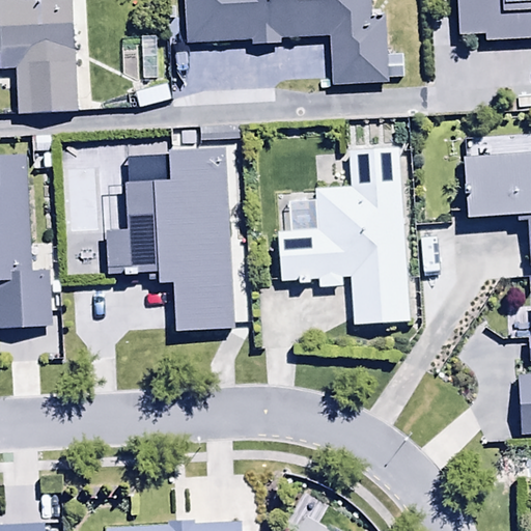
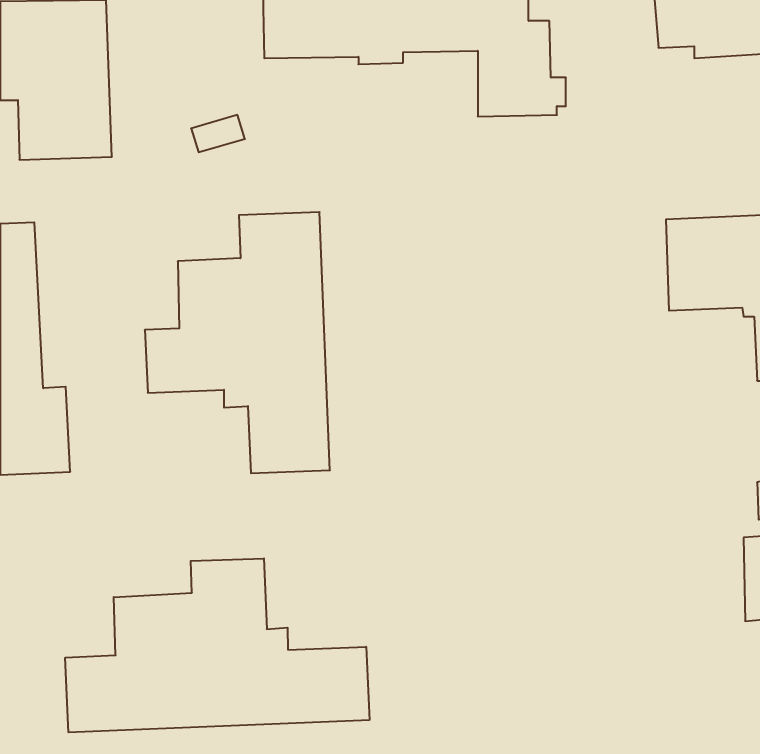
building: [278,146,412,326] -> none
building: none -> [65,558,369,732]

